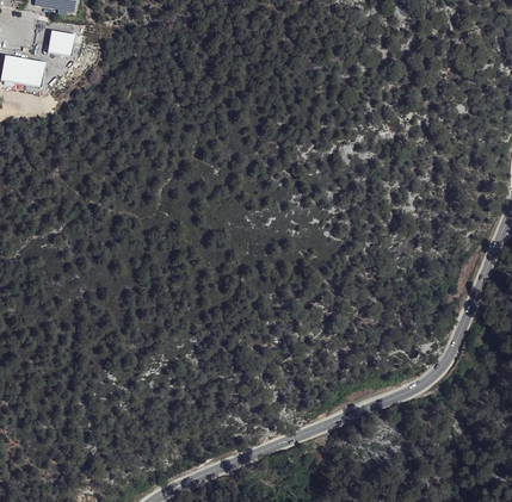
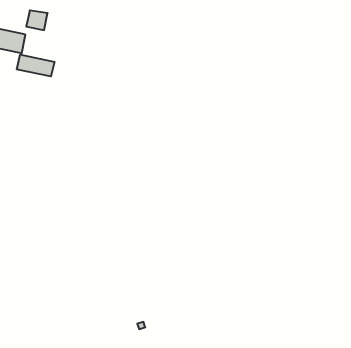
building: none -> [17,55,54,76]

